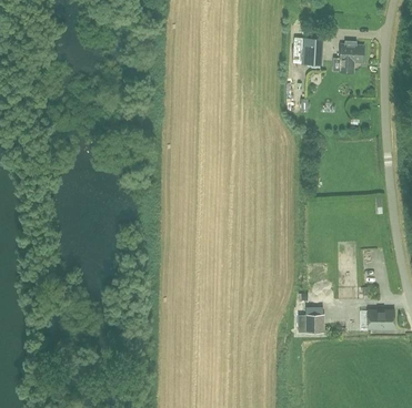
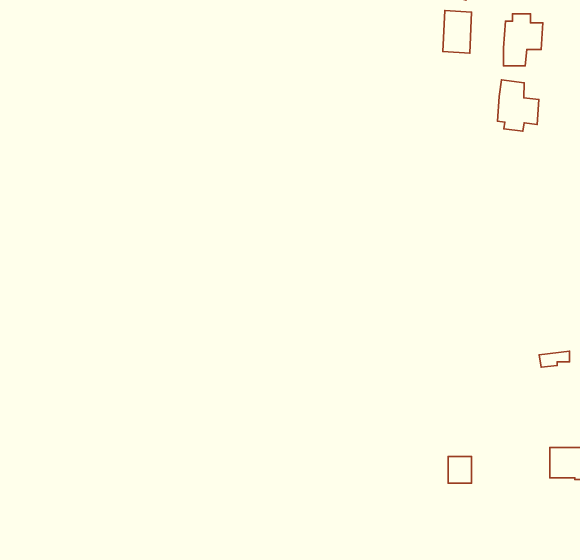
building: none -> [497,80,539,131]

